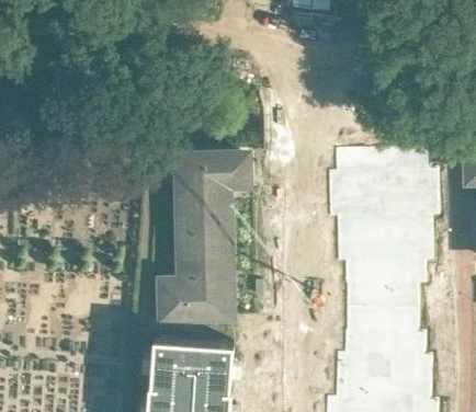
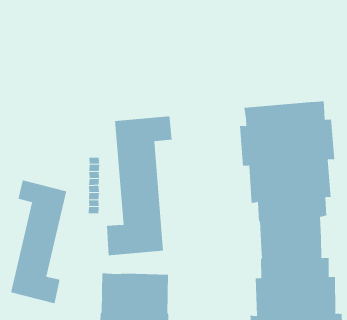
building: none -> [11,180,67,304]

